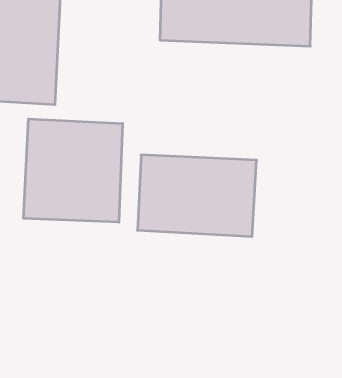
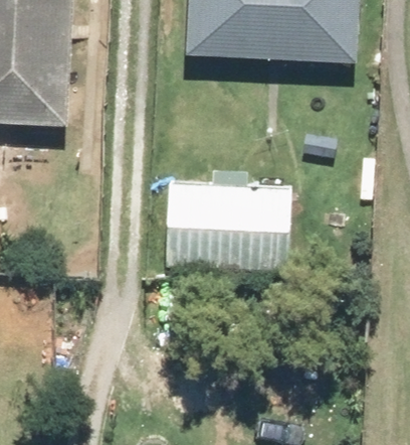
building: [24,119,123,222] -> none

